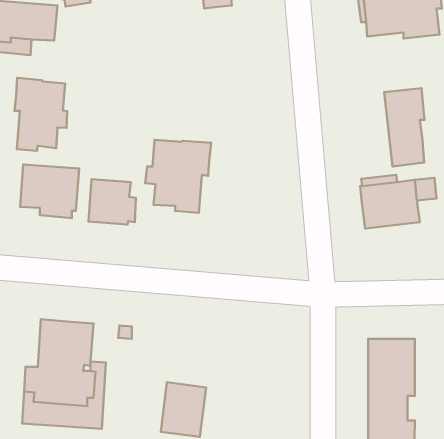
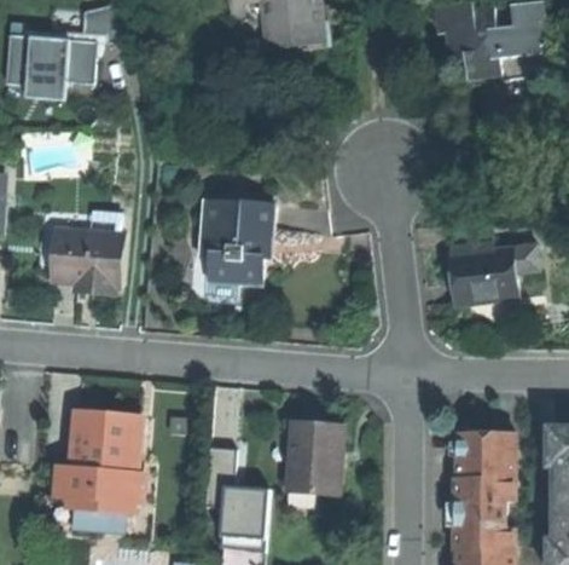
building: [15,78,67,151] -> none
building: [384,88,424,166] -> none
building: [89,179,136,224] -> none
building: none -> [289,421,343,492]

